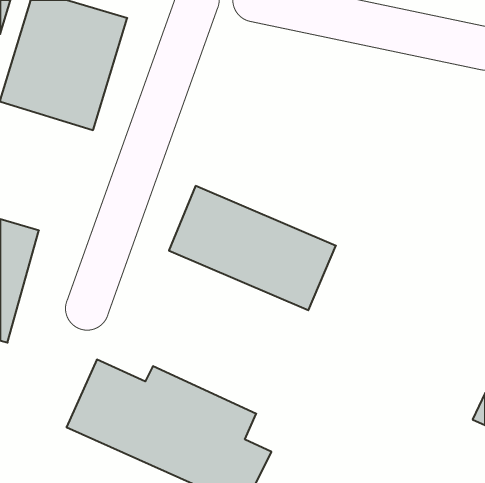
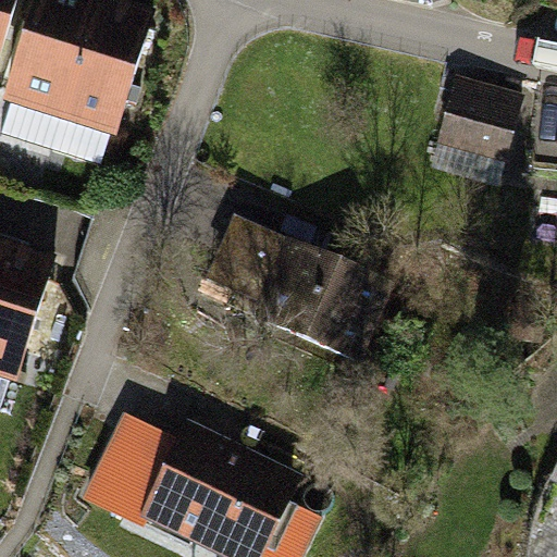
building: none -> [441,88,523,185]

